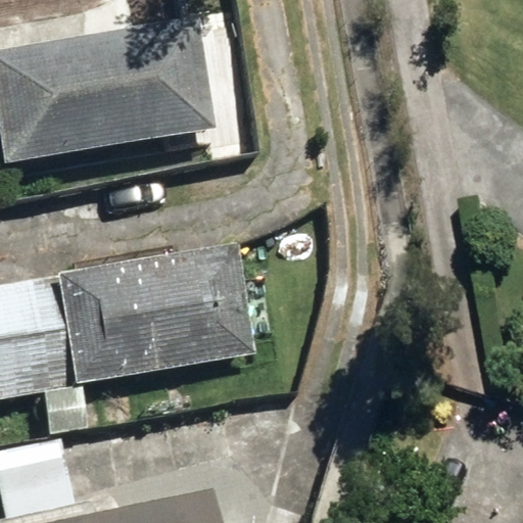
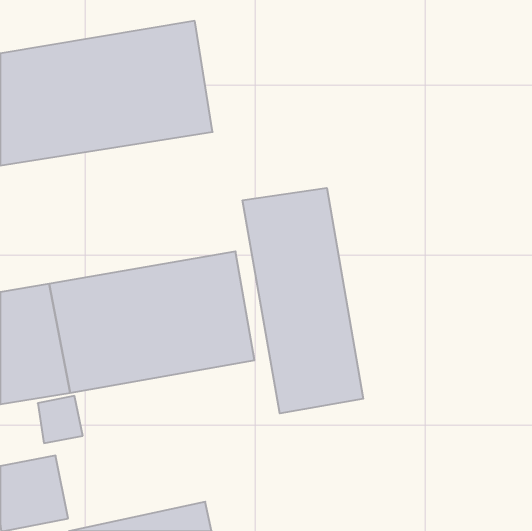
building: none -> [243,188,363,413]

